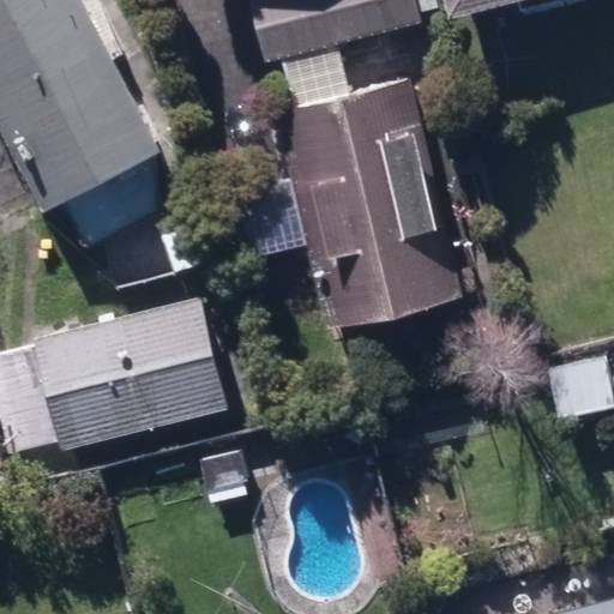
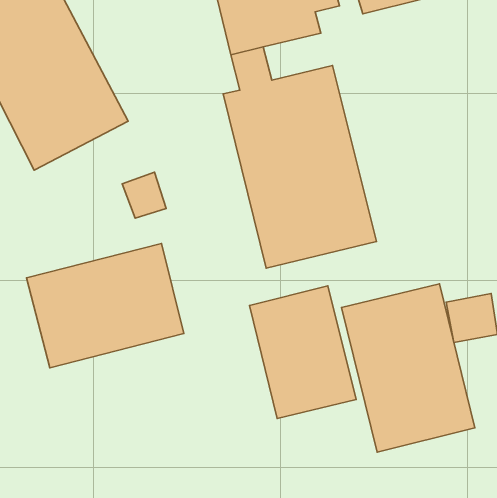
building: none -> [341,284,475,452]
building: none -> [249,286,356,419]

